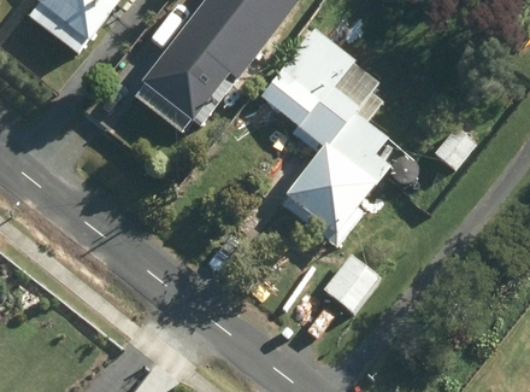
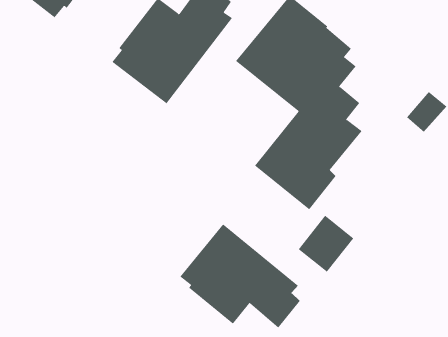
building: none -> [180,224,300,329]

